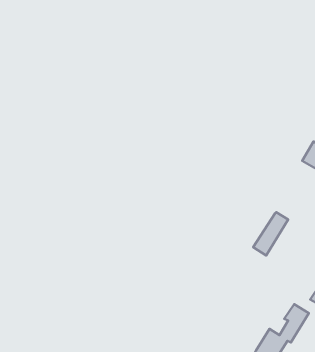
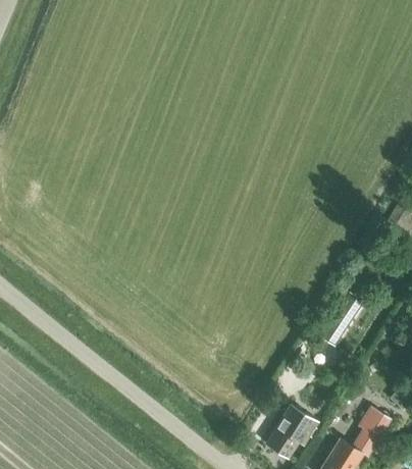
building: none -> [265,405,317,458]

